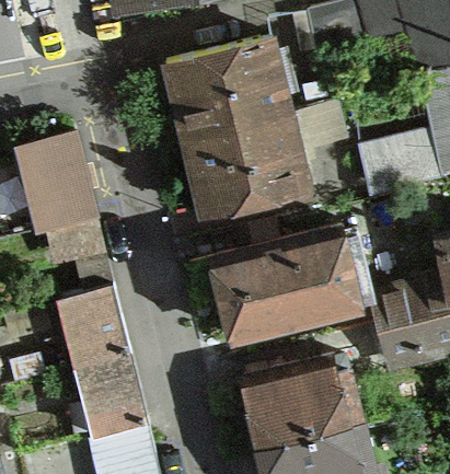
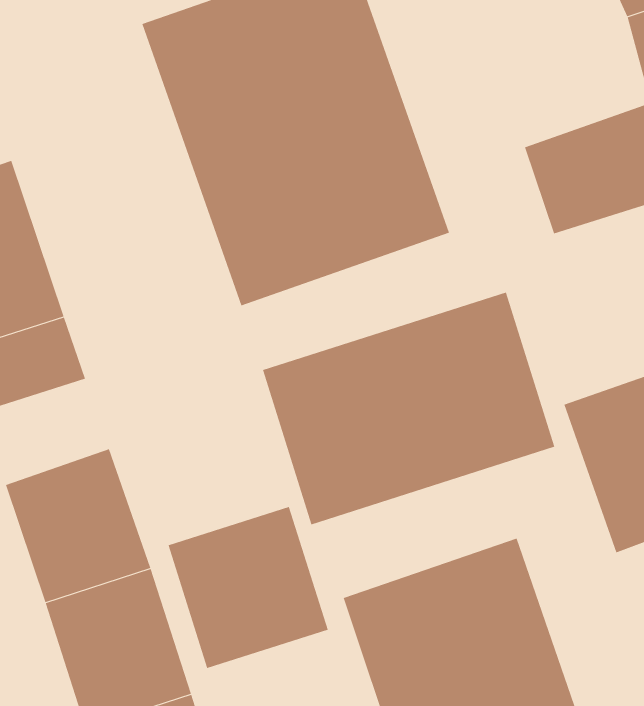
building: none -> [168,506,328,669]

